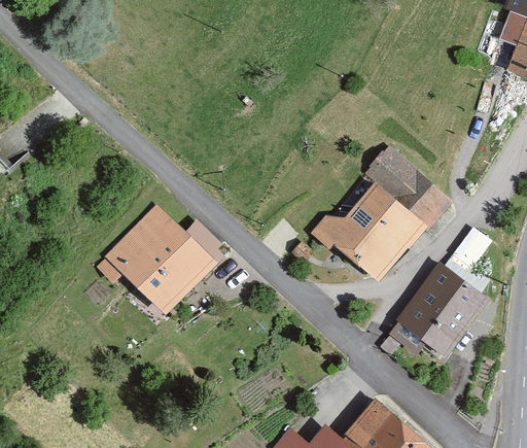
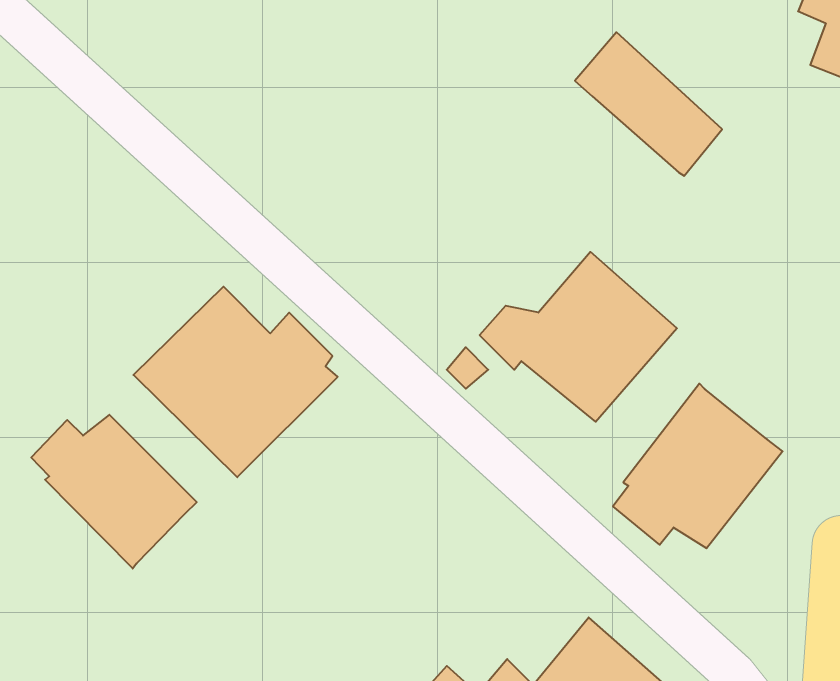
building: [365,144,453,230] -> [575,32,722,176]
building: [444,227,492,294] -> none
building: none -> [31,415,197,569]

